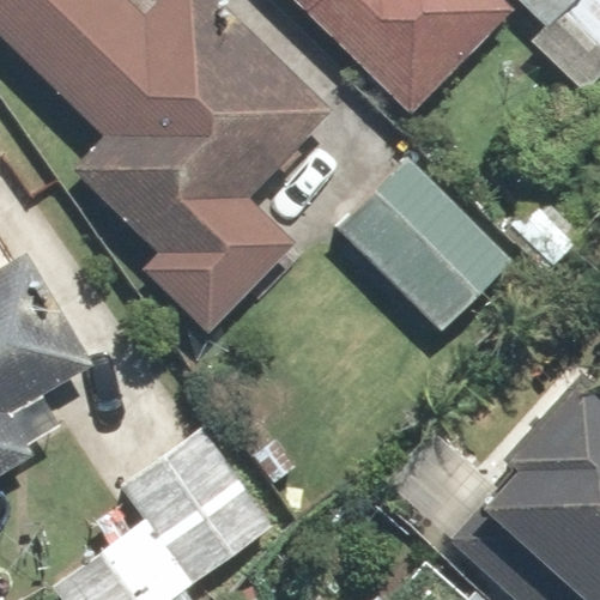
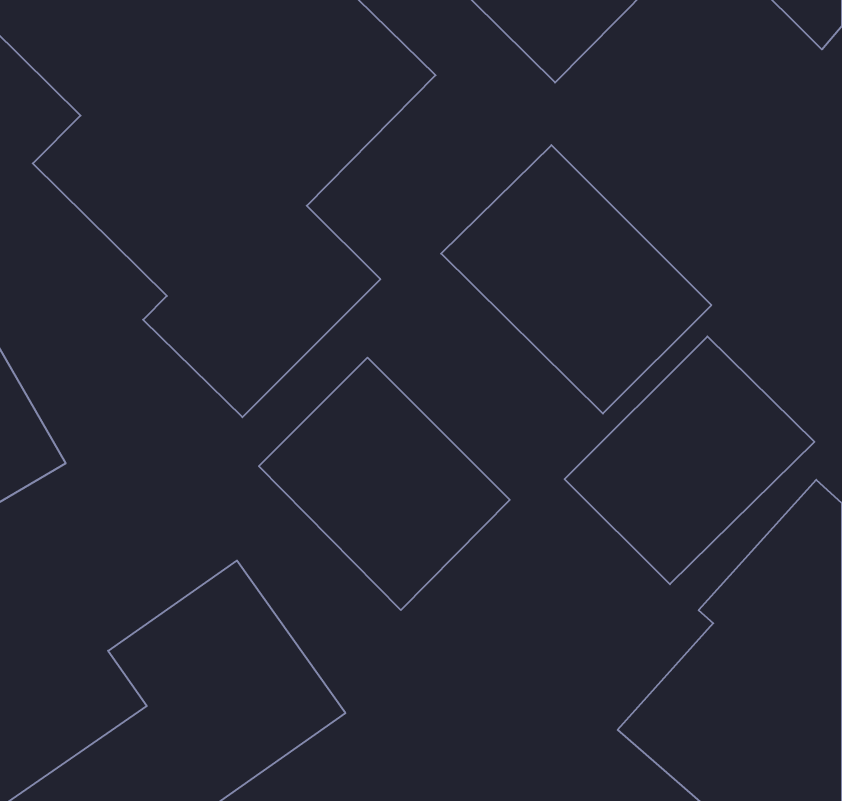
building: none -> [565,336,814,584]
building: none -> [259,358,510,610]

